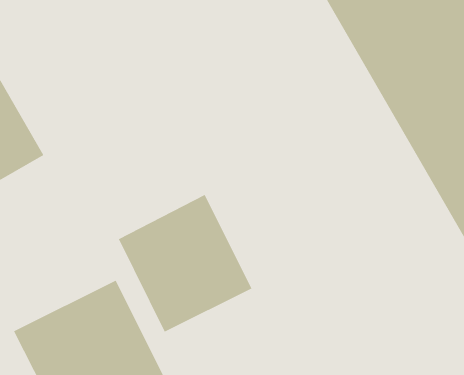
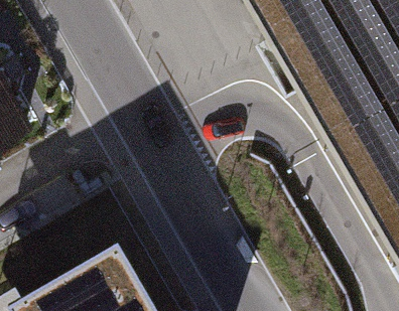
building: [118,194,252,333] -> none

